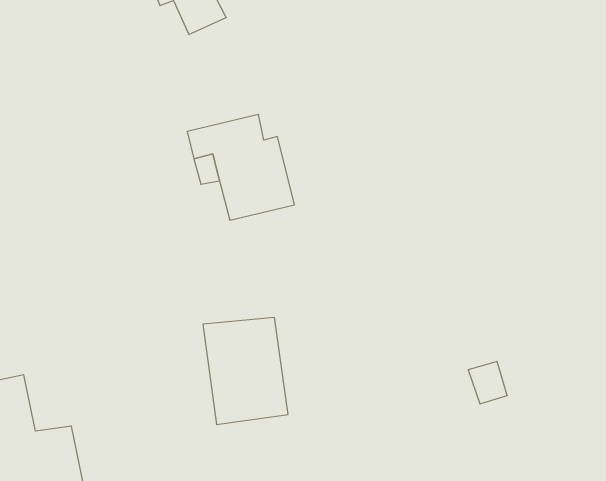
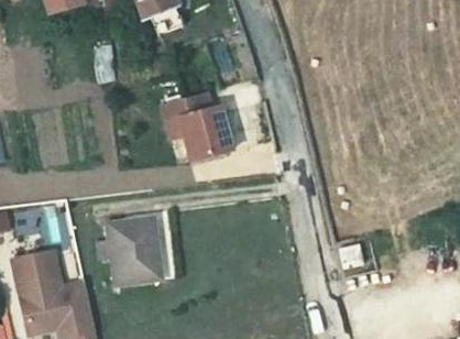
building: [203,317,288,425] -> [106,222,161,292]

